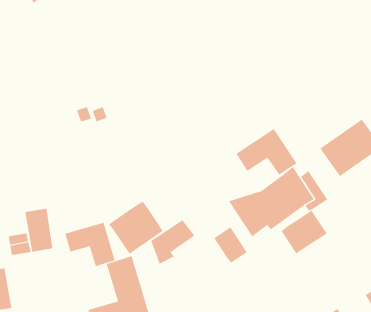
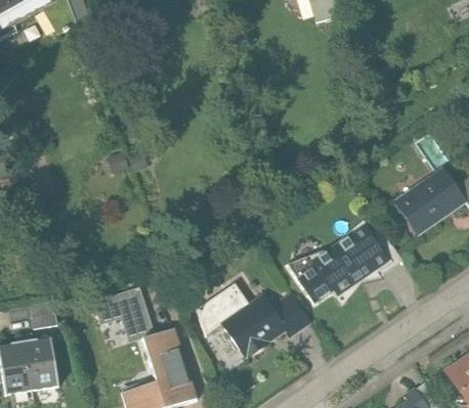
building: [235,128,297,176] -> none
building: [108,201,163,254] -> [220,296,285,358]
building: [24,208,53,252] -> [26,337,59,389]
building: [281,210,328,254] -> none

